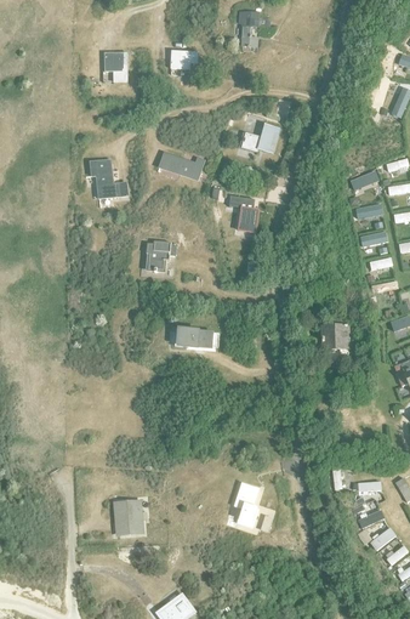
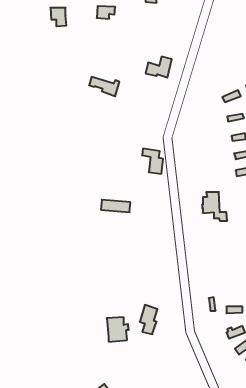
building: [90,159,119,197] -> none
building: [229,194,260,231] -> [142,149,163,174]
building: [147,239,177,271] -> none
building: [115,500,147,535] -> [107,317,129,342]

